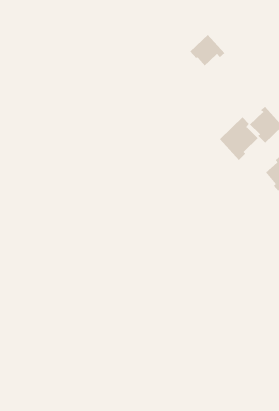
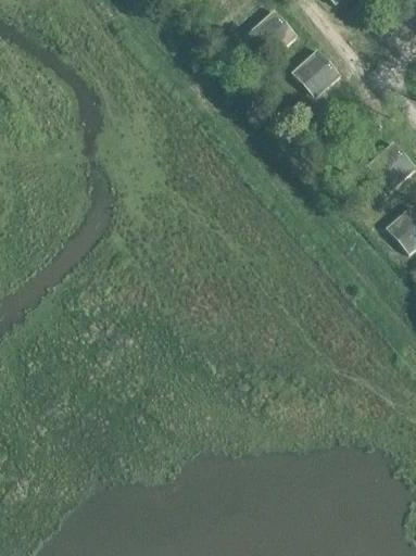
building: none -> [252,10,297,59]
building: [219,116,258,161] -> none

